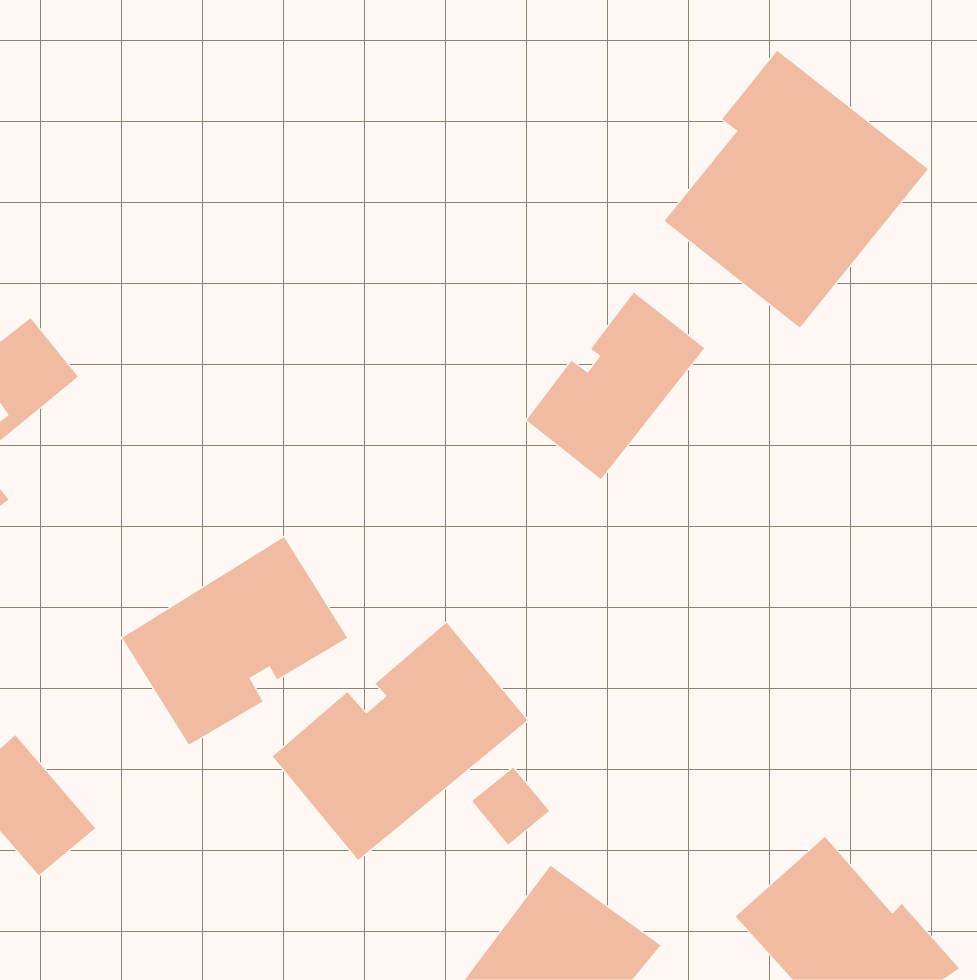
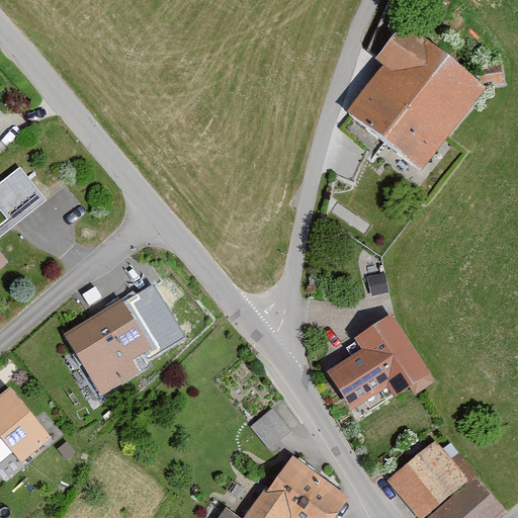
building: [525,292,705,480] -> none
building: none -> [326,314,427,408]
building: [272,622,528,861] -> none

